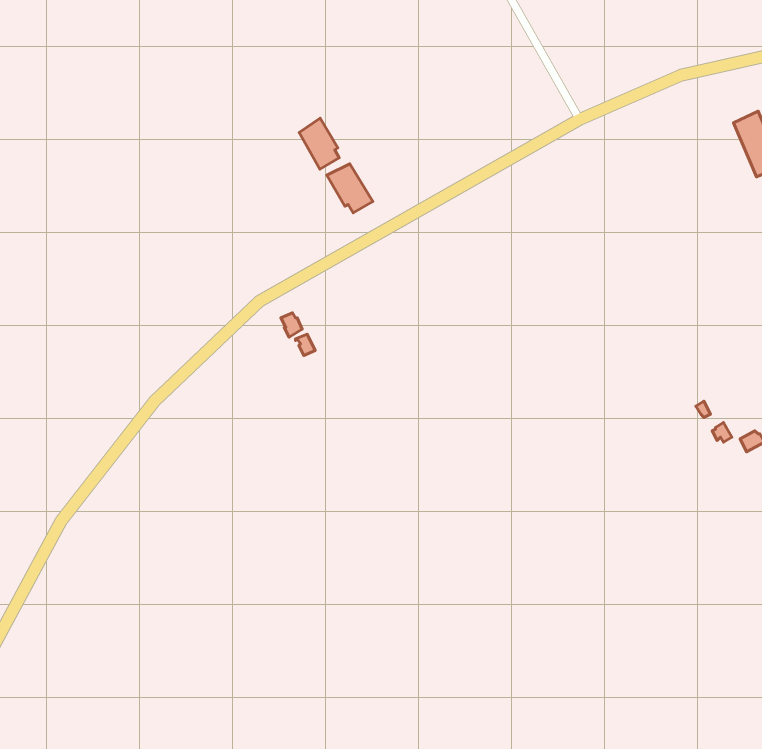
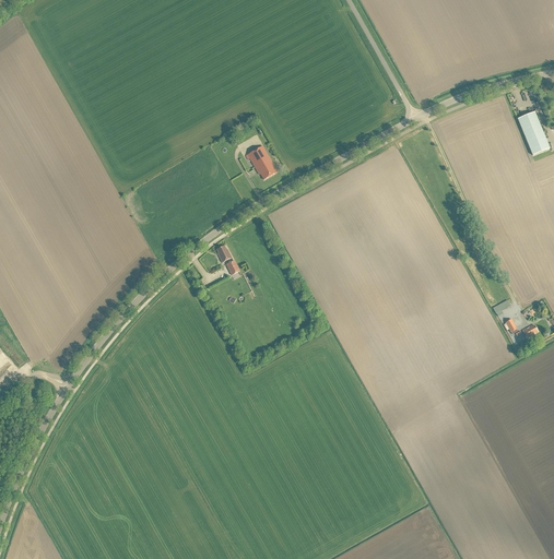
building: [299,118,339,169] -> none

